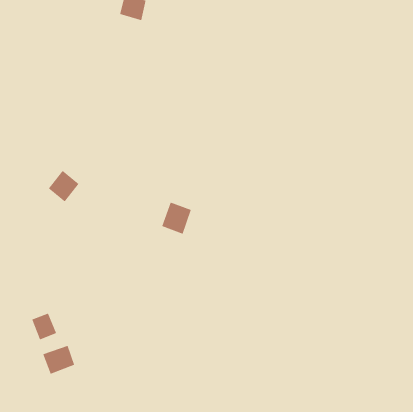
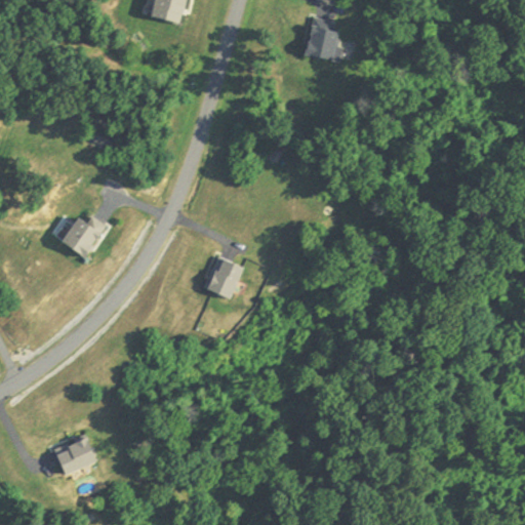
building: none -> [304,23,342,64]
building: [31,313,57,340] -> none

